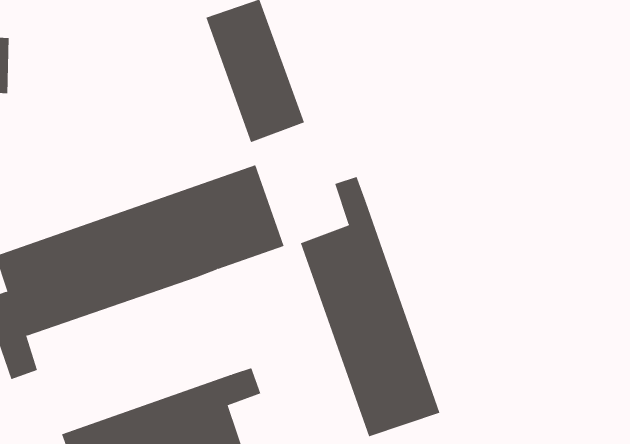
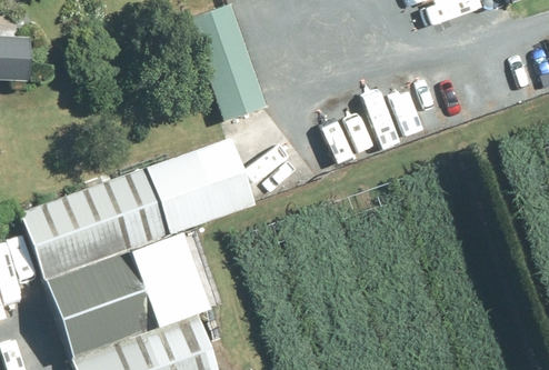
building: [300,176,440,437] -> none
building: none -> [43,223,227,358]

